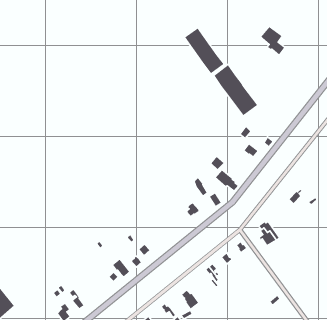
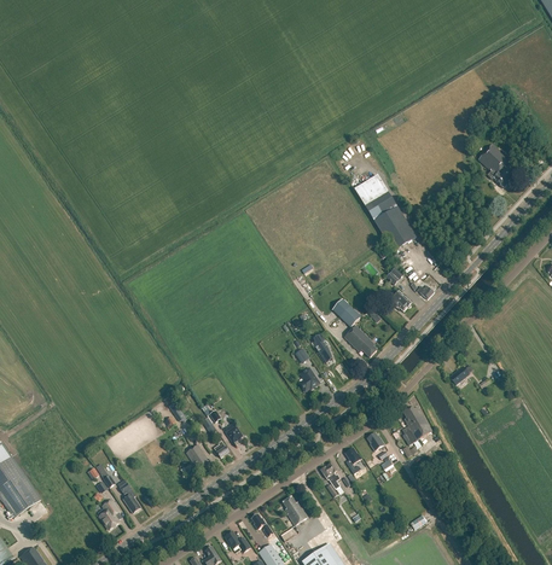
building: [260,26,285,55] -> [477,142,512,186]
building: [184,28,225,74] -> none

